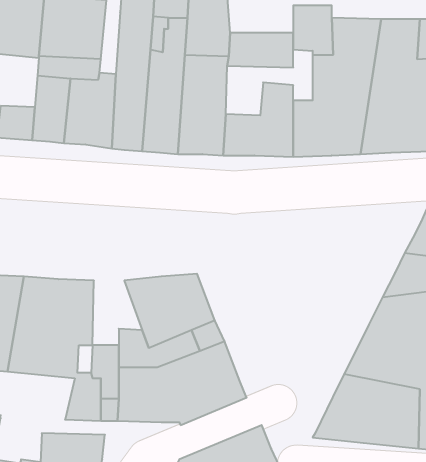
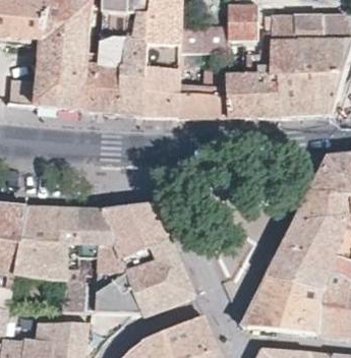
building: none -> [78,208,115,256]

